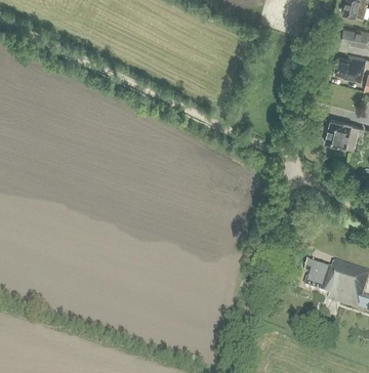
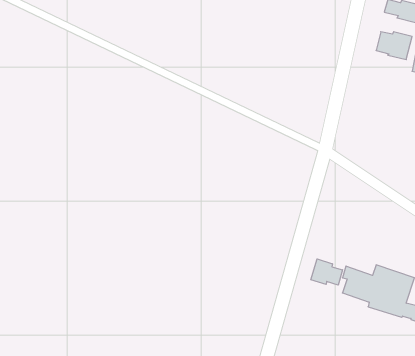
building: [324,119,358,147] -> none
building: none -> [311,259,343,285]

